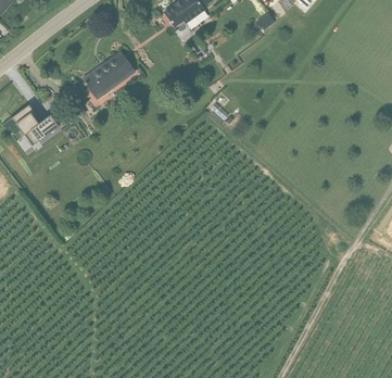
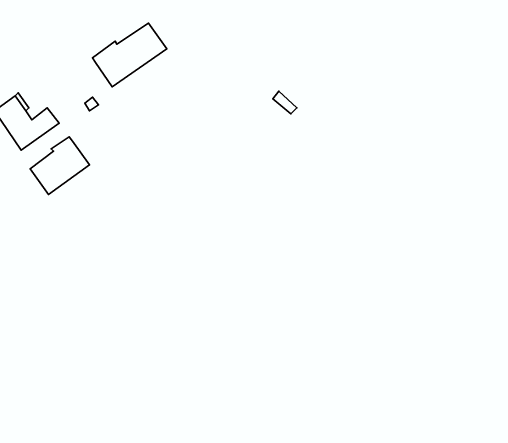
building: none -> [30,137,90,194]

